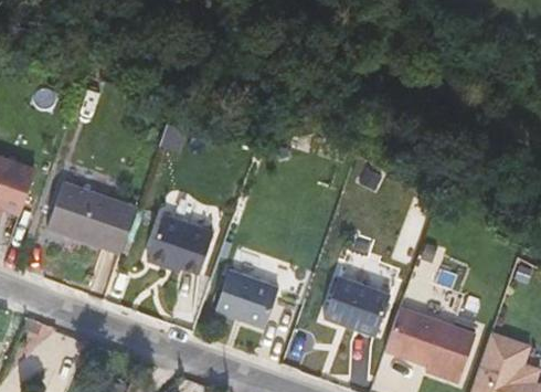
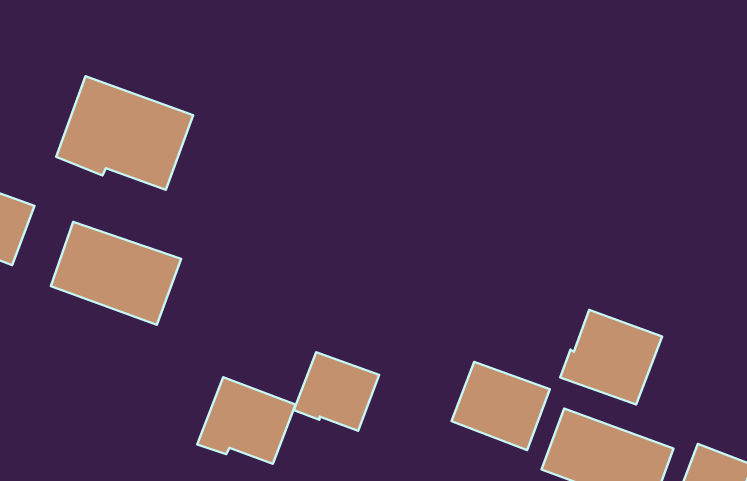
building: none -> [56,76,193,190]
building: [148,211,215,271] -> [197,377,296,464]
building: none -> [560,310,662,404]

